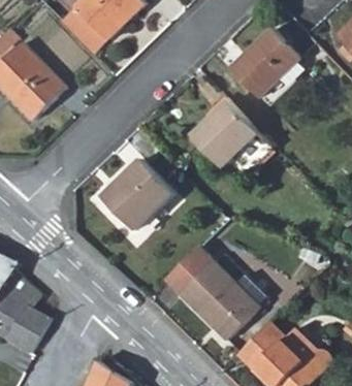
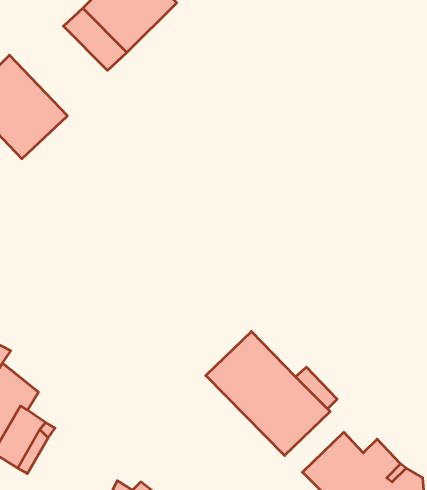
building: [231,30,300,107] -> none
building: [191,98,271,169] -> none
building: [98,162,169,233] -> none

